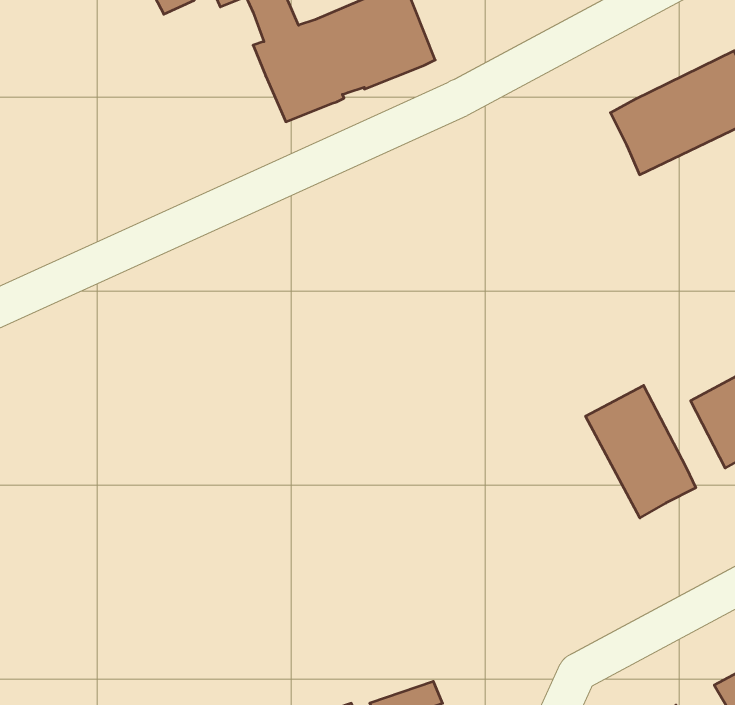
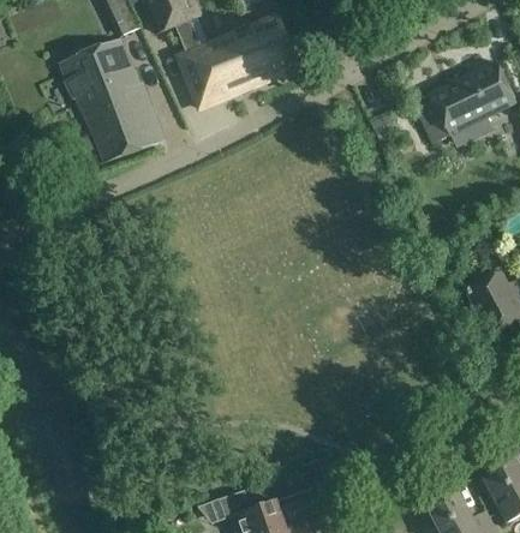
building: none -> [59,41,163,163]
building: [586,385,696,518] -> none

